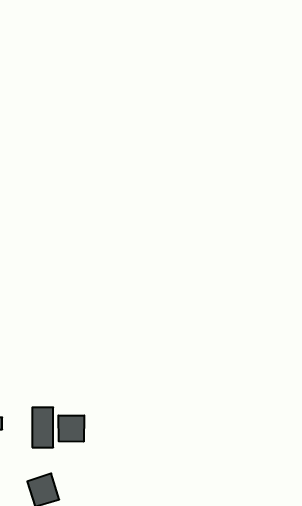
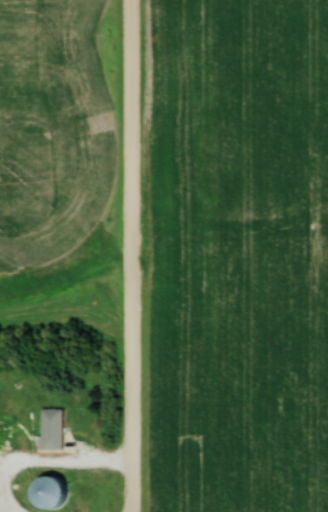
building: [58,415,84,442] -> none

